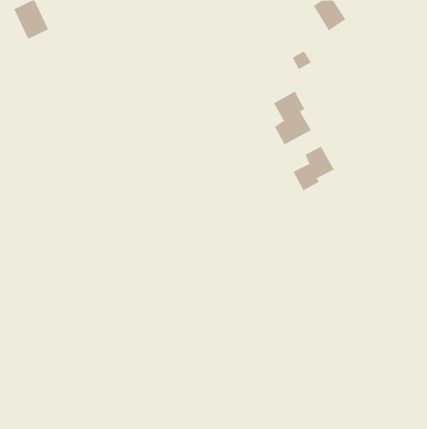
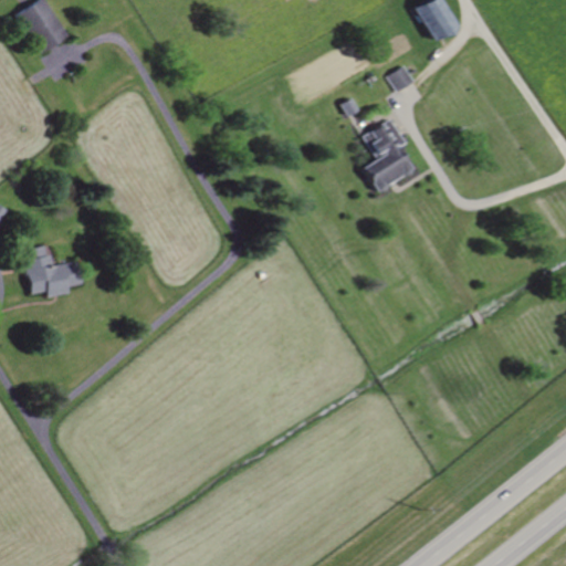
building: [293,146,334,191] -> none
building: none -> [25,247,83,297]

